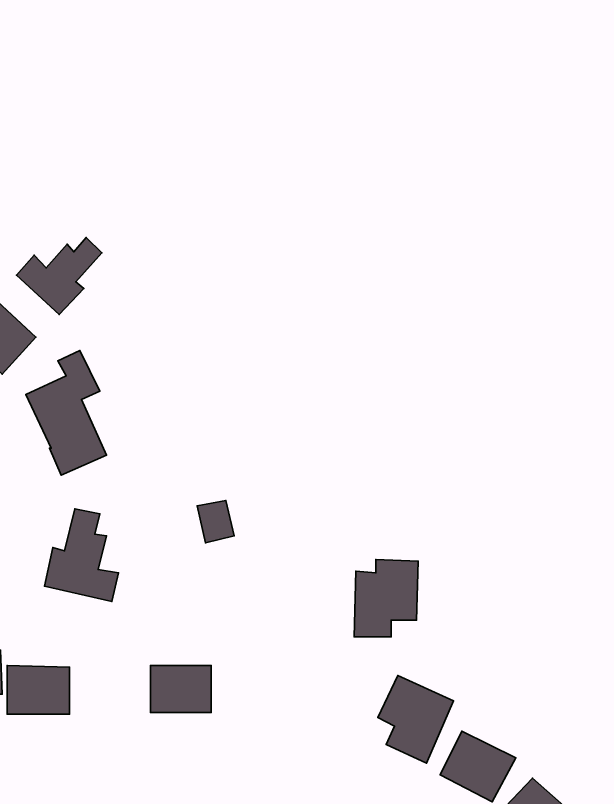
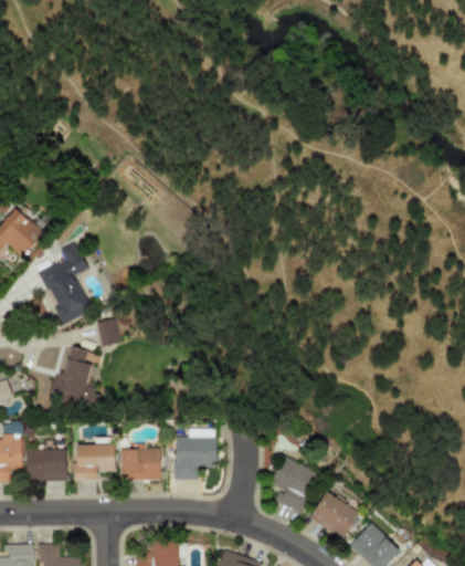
building: [16,238,102,315] -> none
building: [197,501,234,543] -> [96,318,120,346]
building: [354,559,418,637] -> [175,428,216,479]
building: none -> [75,444,116,481]

